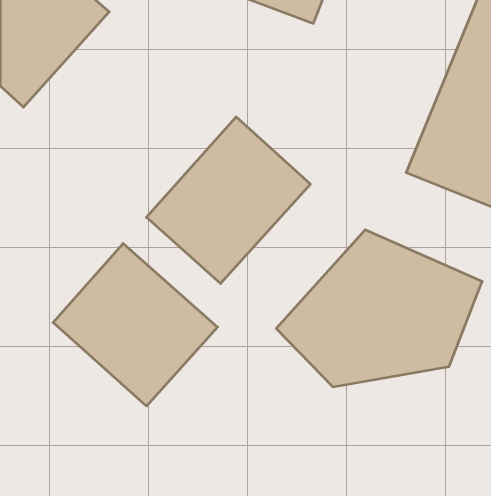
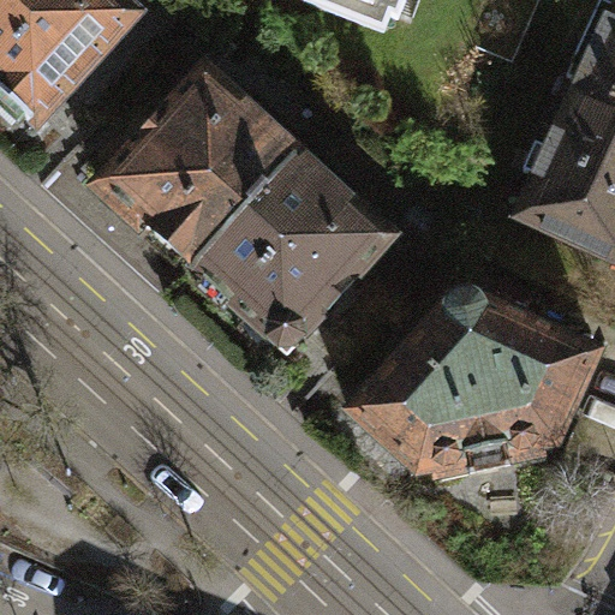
building: none -> [96,61,300,268]
building: [53,243,218,406] -> none

